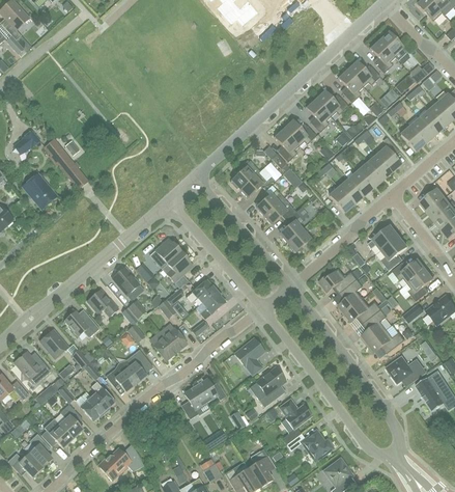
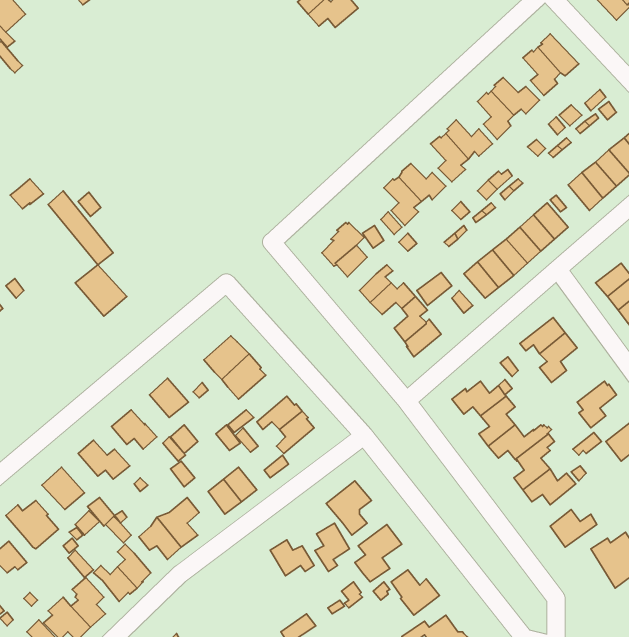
building: [22,173,57,209] -> [75,265,127,316]
building: [392,258,425,283] -> none
building: [182,385,206,418] -> [315,523,350,572]

